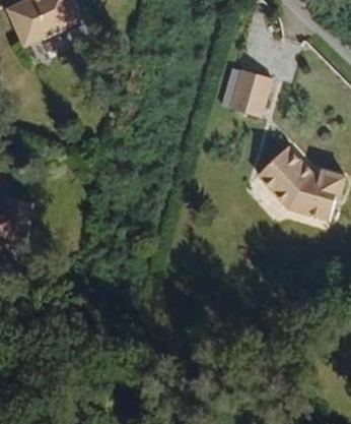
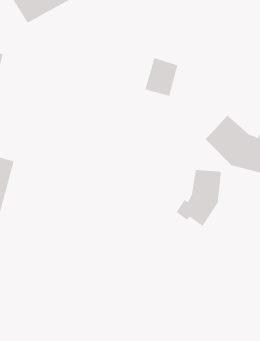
building: [227,69,268,116] -> [145,58,178,96]
building: none -> [176,169,222,227]

